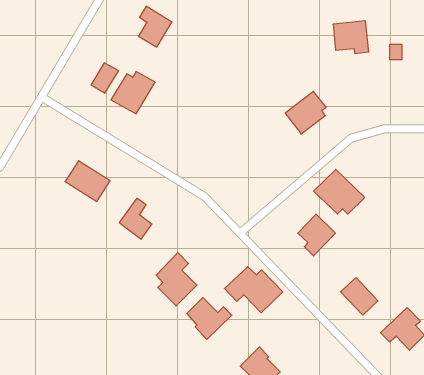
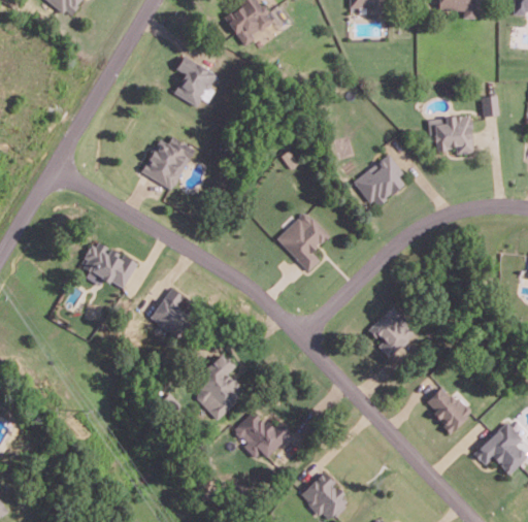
building: [333,21,369,54] -> [431,117,475,157]
building: [91,63,119,93] -> none
building: none -> [278,213,331,272]
building: [314,169,365,214] -> none
building: [224,267,283,313] -> none

